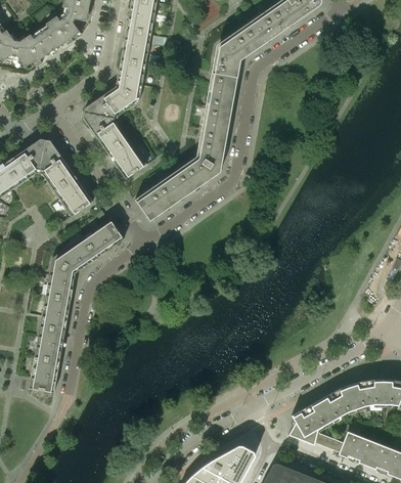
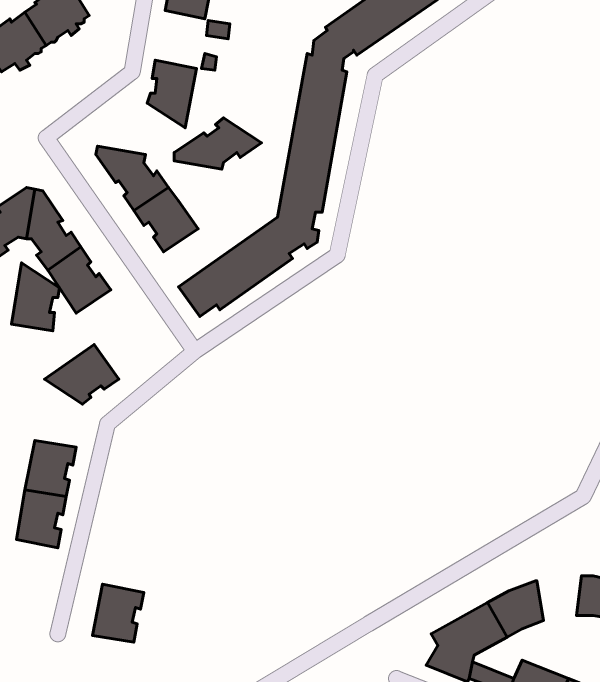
building: [121,30,151,65] -> none
building: [85,87,139,119] -> [174,118,262,169]
building: [83,219,124,258] -> none
building: [46,258,76,300] -> [12,263,59,331]
building: [29,357,60,393] -> [93,584,144,642]
building: [357,380,385,407] -> none

